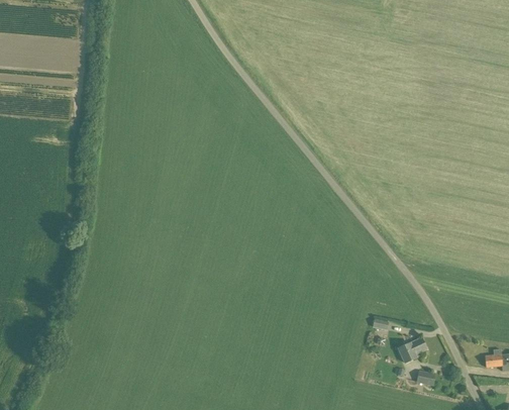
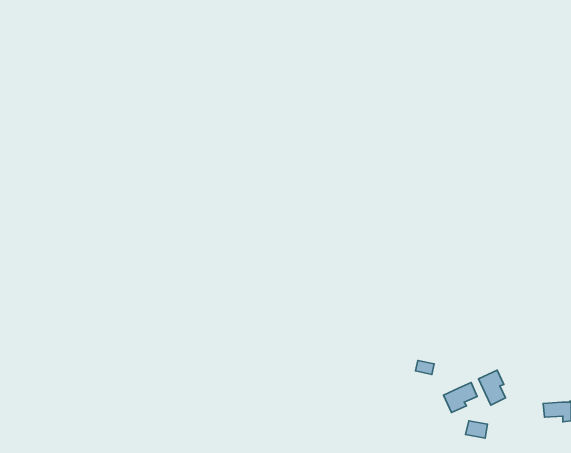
building: none -> [479,370,505,405]

